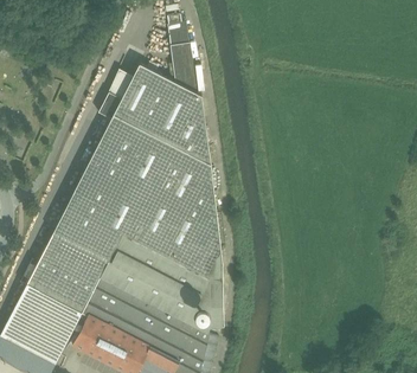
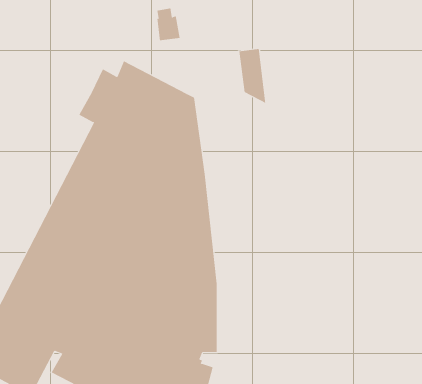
building: [168,46,193,96] -> [238,48,266,104]

